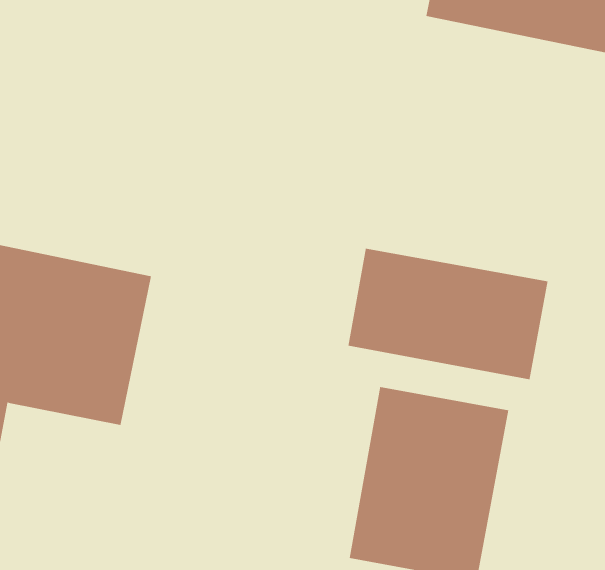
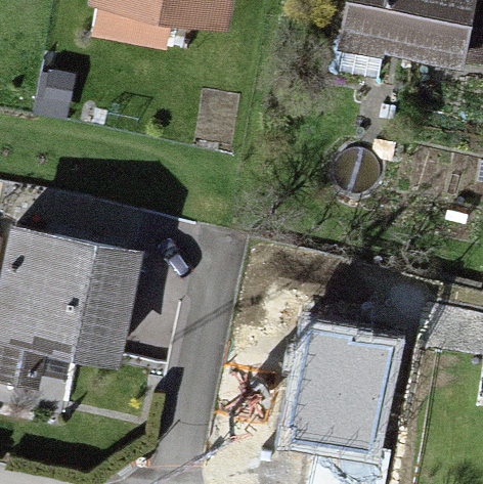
building: [348,248,548,380] -> none

